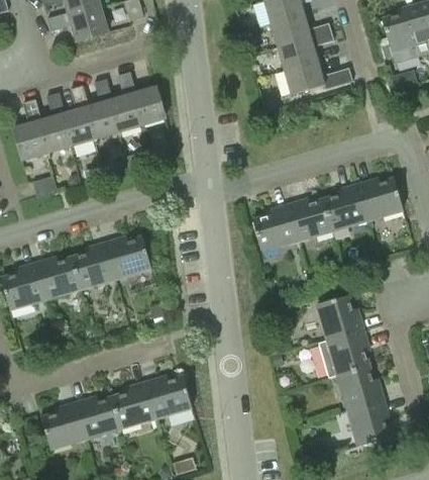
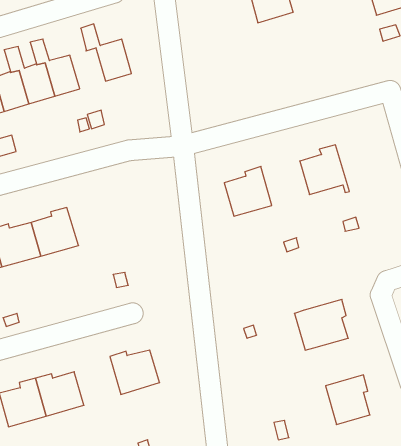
building: [284,61,353,95] -> none
building: [94,79,141,132] -> none
building: [356,179,403,228] -> none
building: [287,200,332,242] -> none
building: [105,237,150,279] -> none
building: [316,295,362,340] -> none
building: [336,366,383,410] -> none
building: [112,383,155,428] -> none

